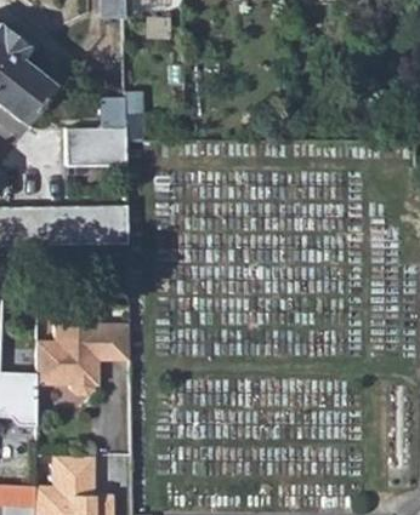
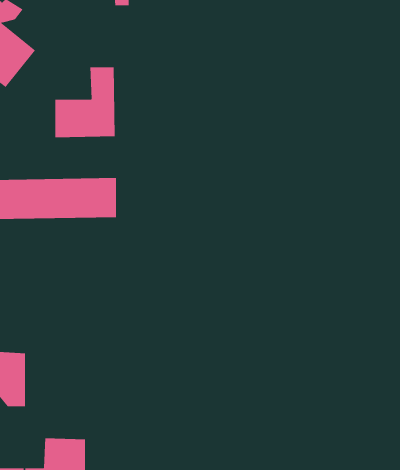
building: [39,302,130,396] -> none

